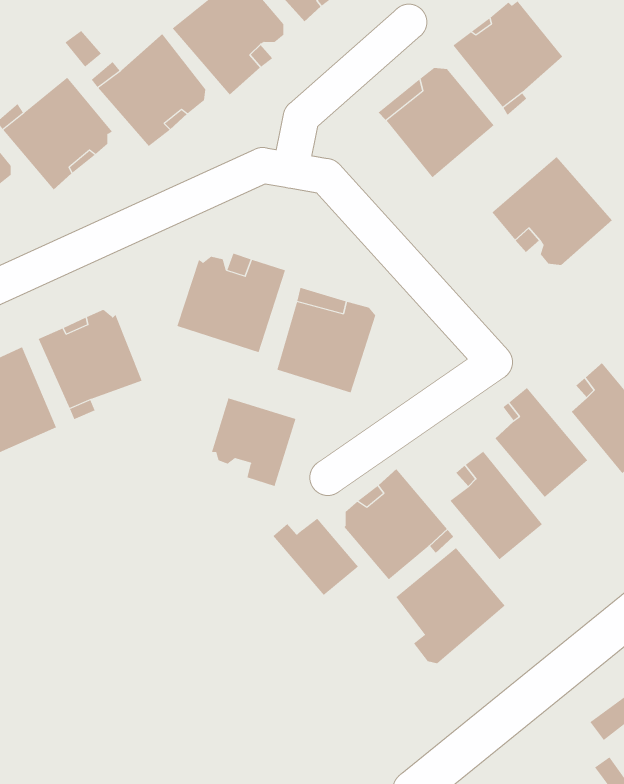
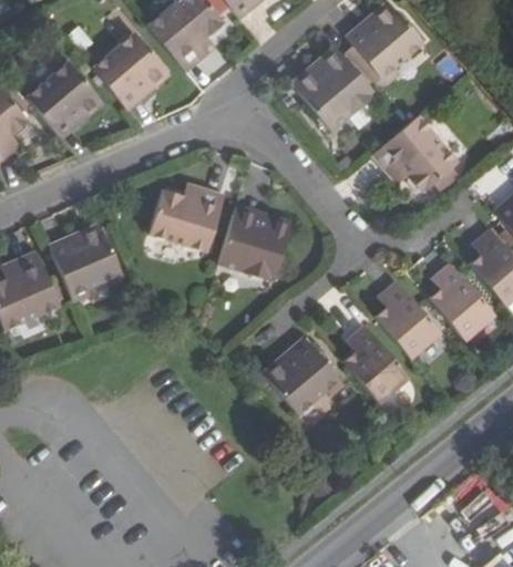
building: [211,397,296,487] -> none
building: [272,518,359,596] -> none
building: [395,547,506,664] -> none

